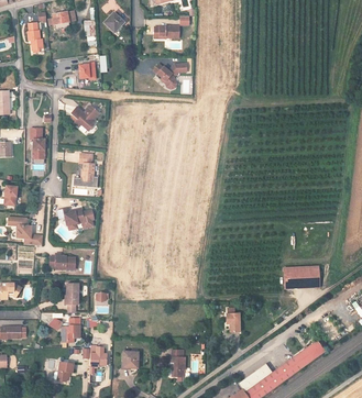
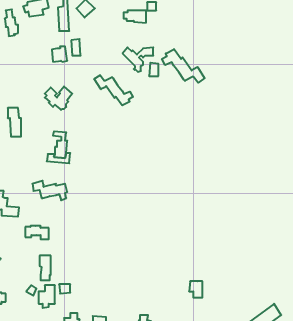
building: none -> [162,49,205,83]
building: none -> [94,75,133,105]
building: [282,267,319,285] -> none

